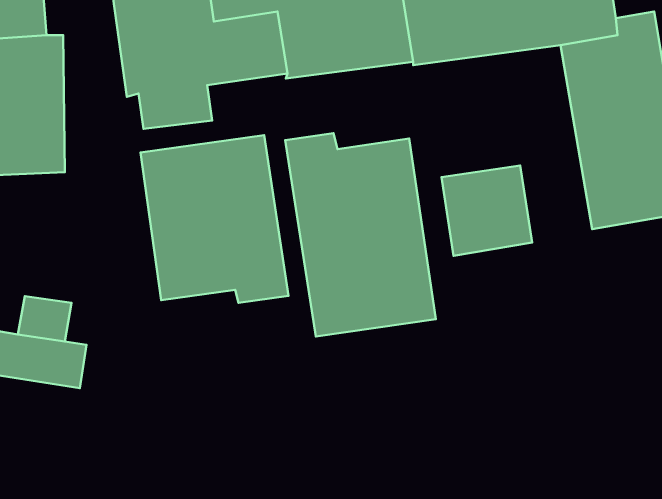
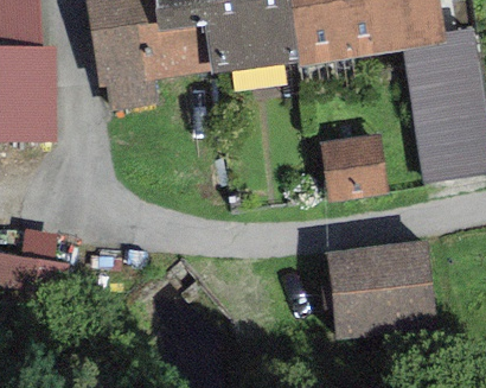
building: [285,133,436,337] -> none
building: [140,135,288,303] -> none
building: none -> [325,240,436,337]

